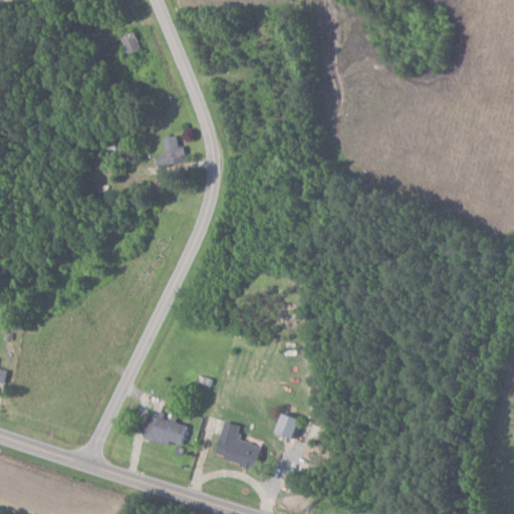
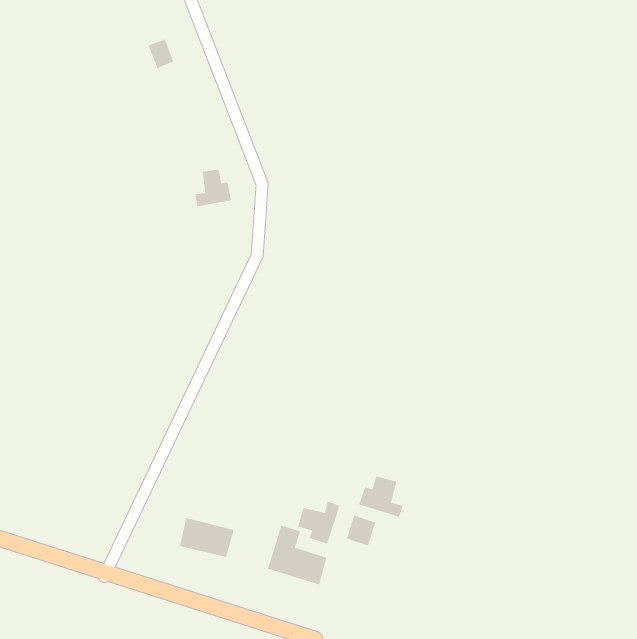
building: none -> [359,475,403,518]
building: none -> [298,501,340,544]

